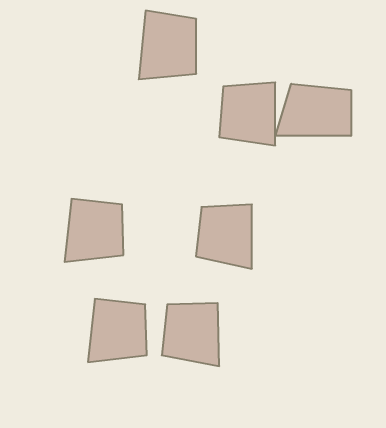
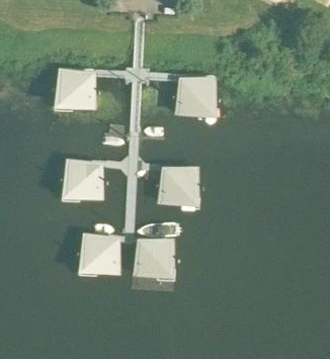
building: [139,11,196,79] -> [53,66,95,116]
building: [276,84,351,136] -> none

